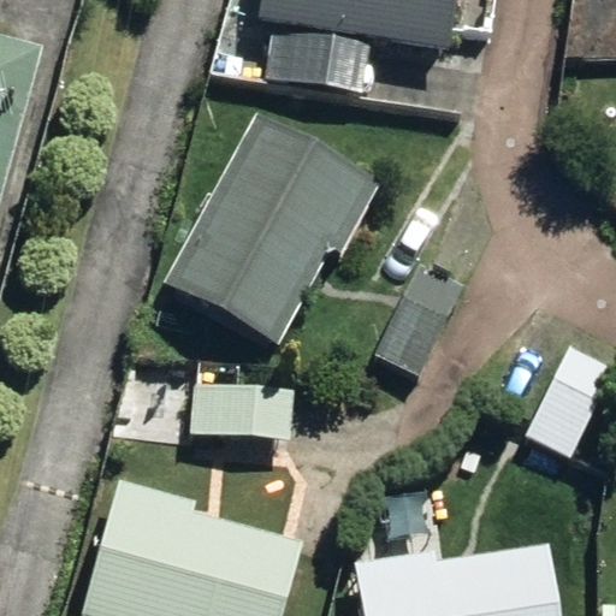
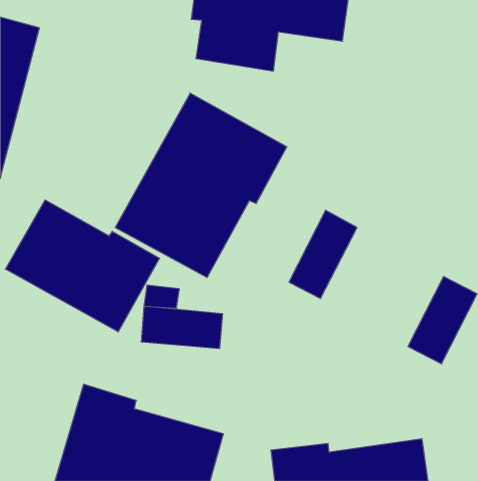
building: none -> [5,200,159,332]

